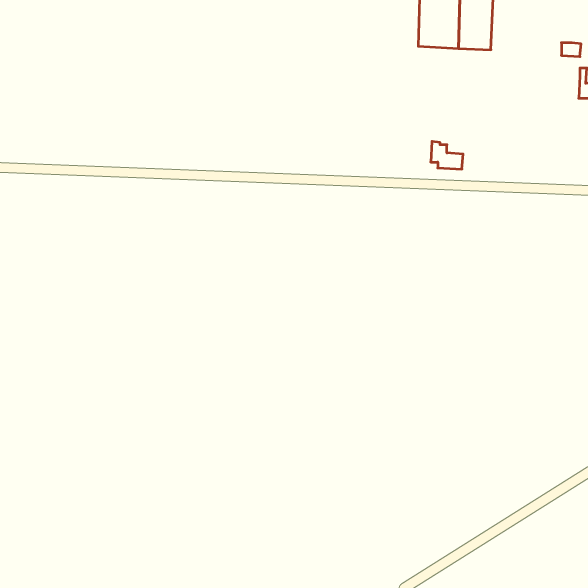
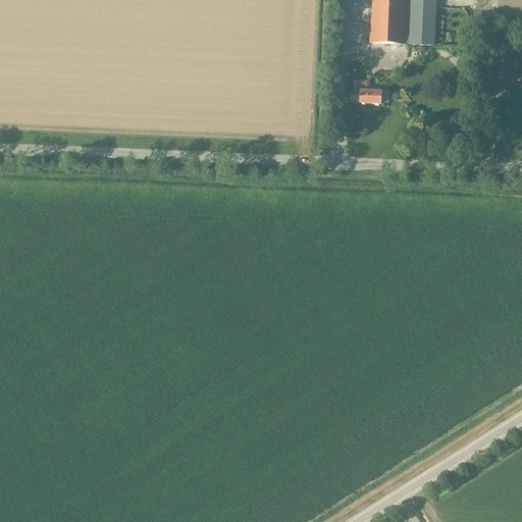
building: [431,141,463,169] -> [355,79,383,103]

